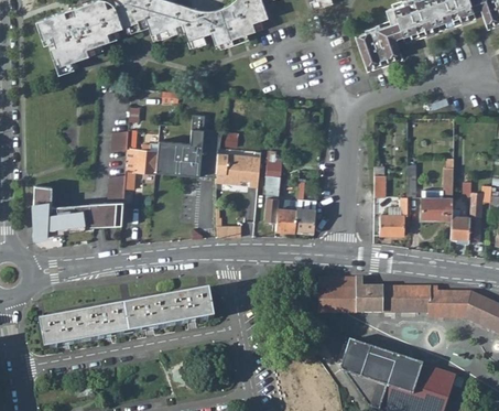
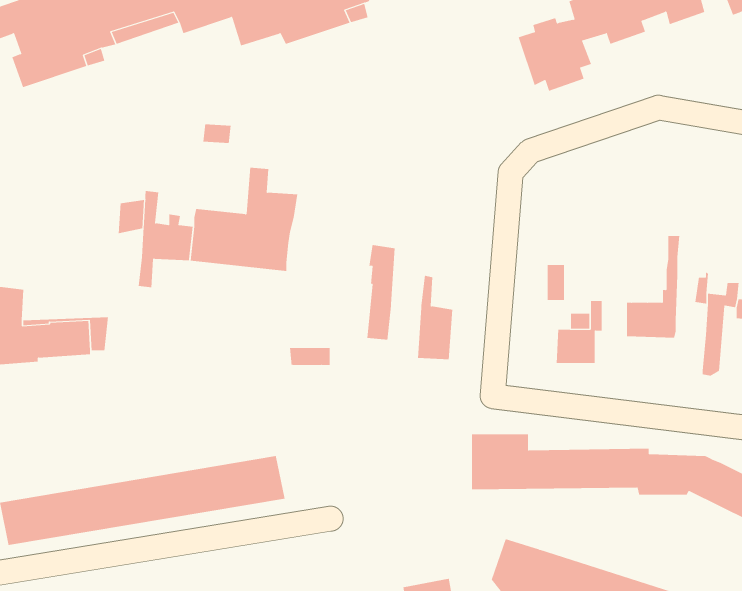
building: [215,153,259,186] -> none
building: [104,177,124,226] -> none
building: [275,198,296,230] -> none
building: [451,214,470,240] -> none

